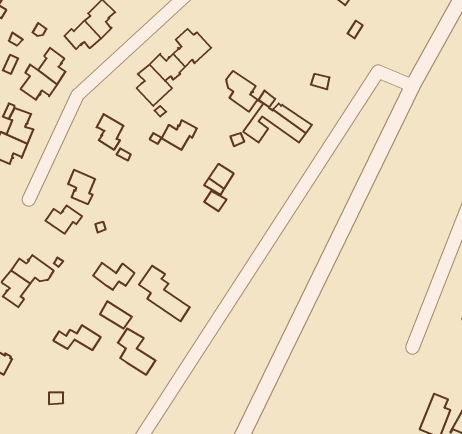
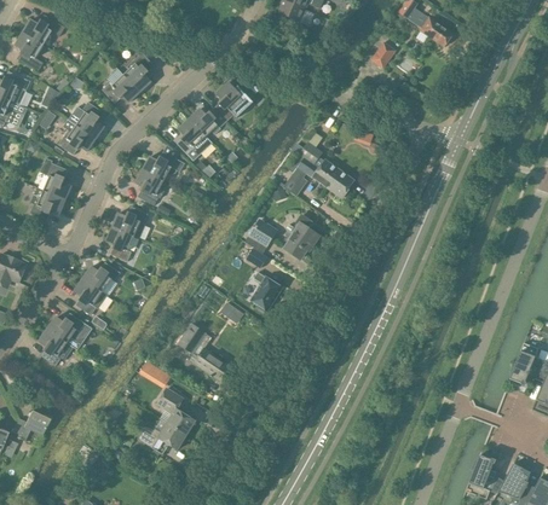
building: [226,71,257,112] -> none
building: [161,120,197,150] -> [143,151,179,181]
building: none -> [113,205,148,236]
building: none -> [284,215,319,259]
building: none -> [250,272,282,312]
building: none -> [75,278,108,315]
building: [93,263,134,290] -> none
building: [53,325,101,350] -> [138,423,186,448]

